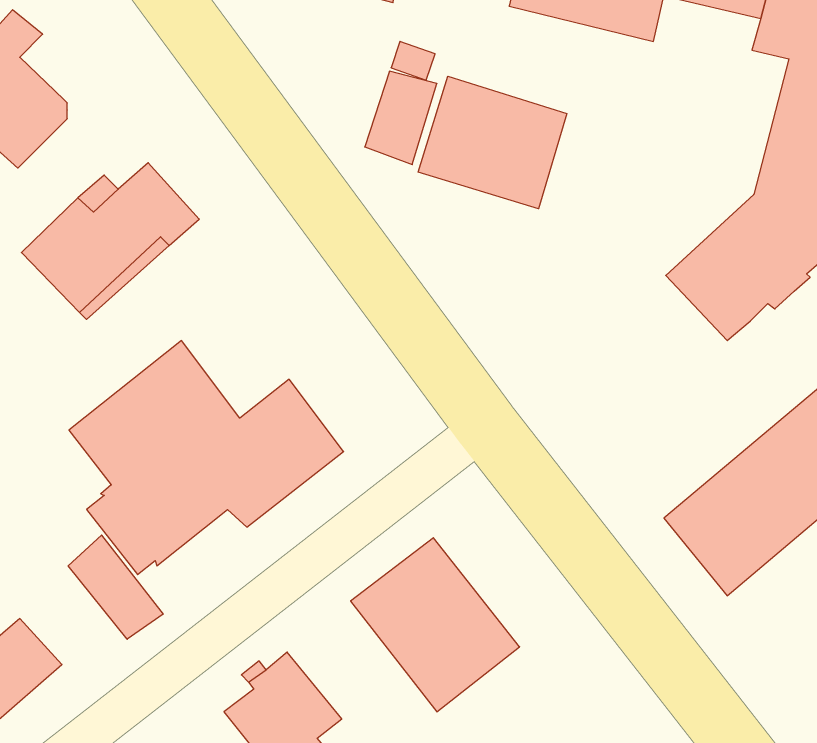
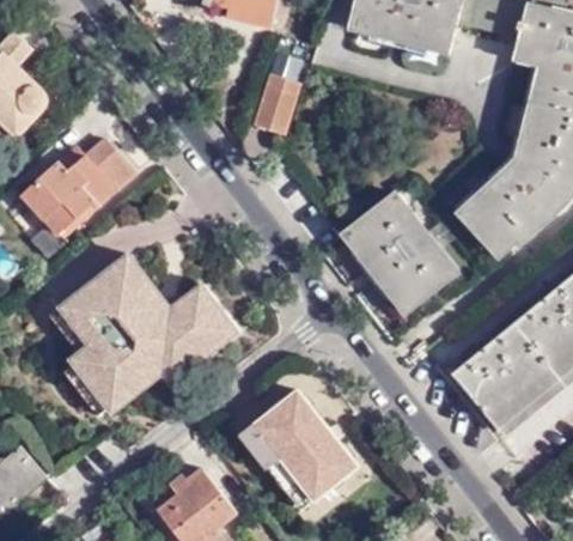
building: [418,76,567,209] -> none
building: none -> [341,192,457,314]
building: [68,535,163,639] -> none

